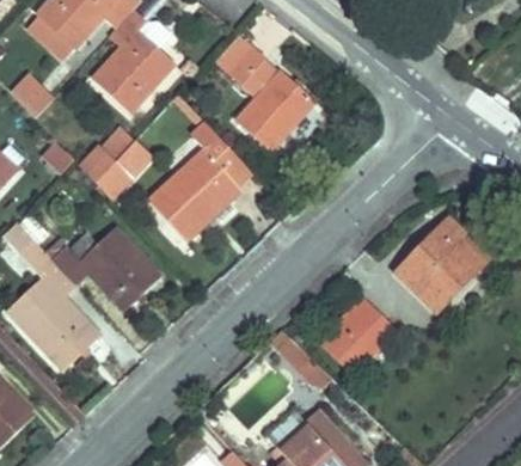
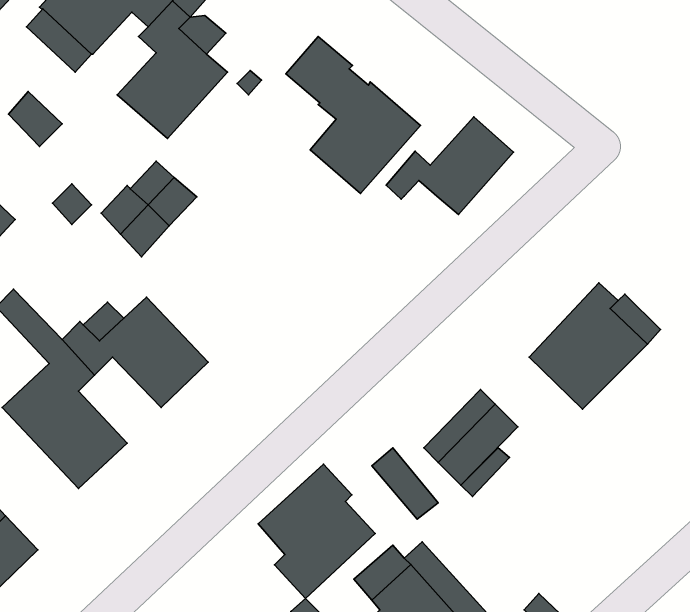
building: none -> [386,117,513,215]
building: [147,123,250,244] -> none
building: none -> [258,464,375,599]

